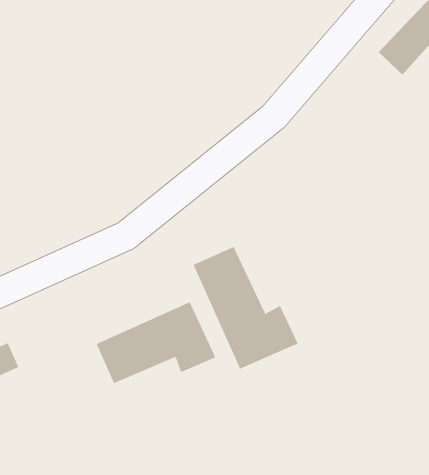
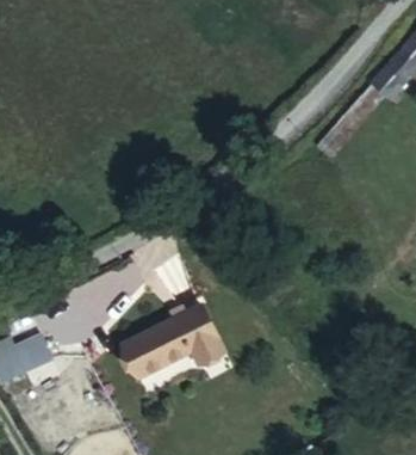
building: [193,246,299,369] -> none

